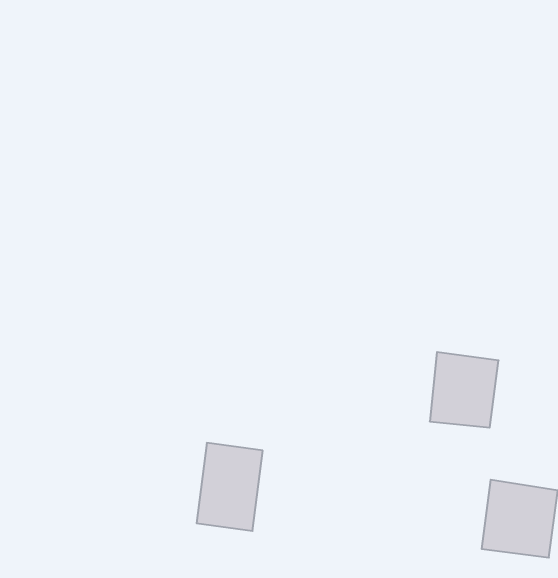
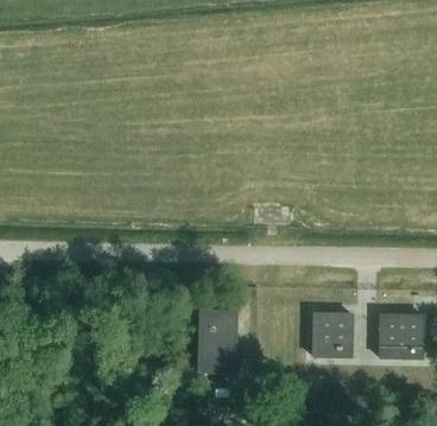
building: [430,352,499,428] -> [312,313,352,357]

